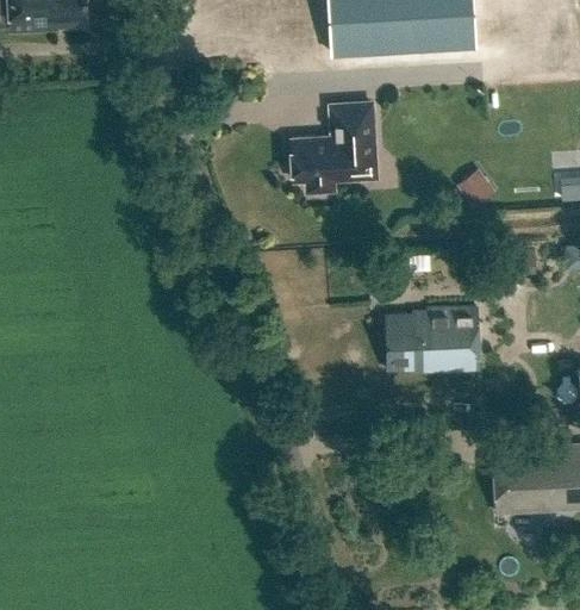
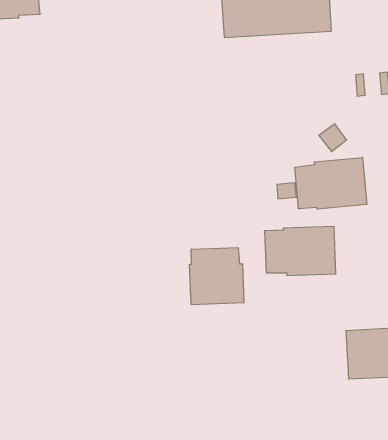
building: [288,102,373,187] -> none
building: none -> [295,157,367,209]
building: none -> [190,248,244,305]

